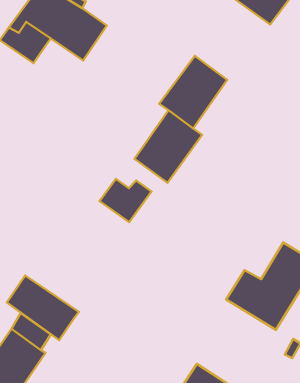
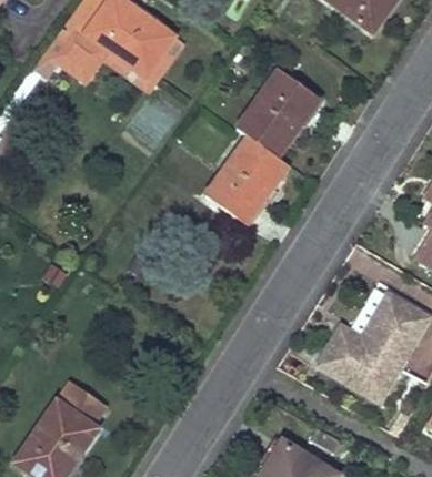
building: none -> [100,33,181,88]
building: [99,179,152,222] -> none
building: [7,275,79,340] -> none

